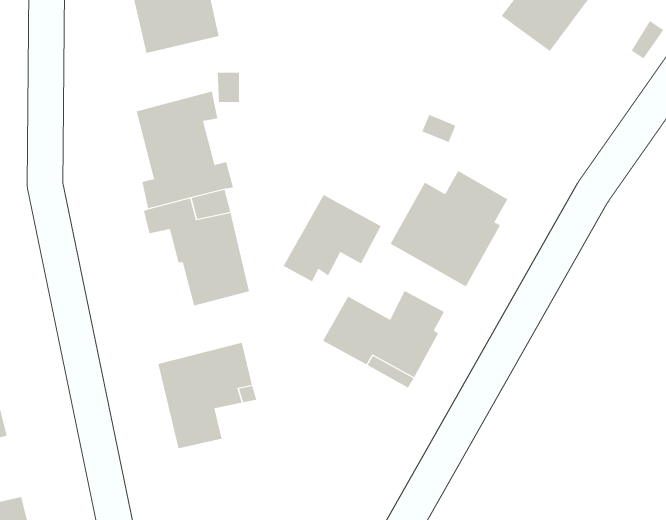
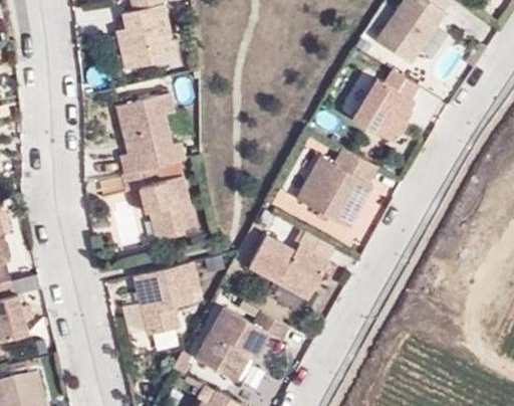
building: none -> [349,69,417,142]
building: [283,194,382,282] -> none
building: none -> [191,312,285,386]

